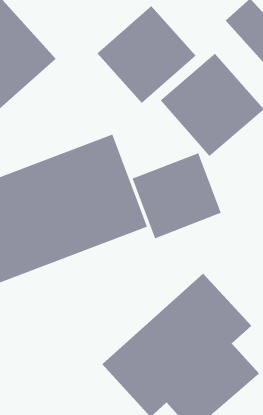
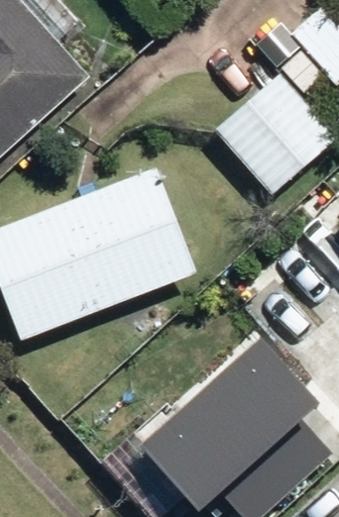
building: [96,5,196,104] -> none
building: [132,152,222,239] -> none

